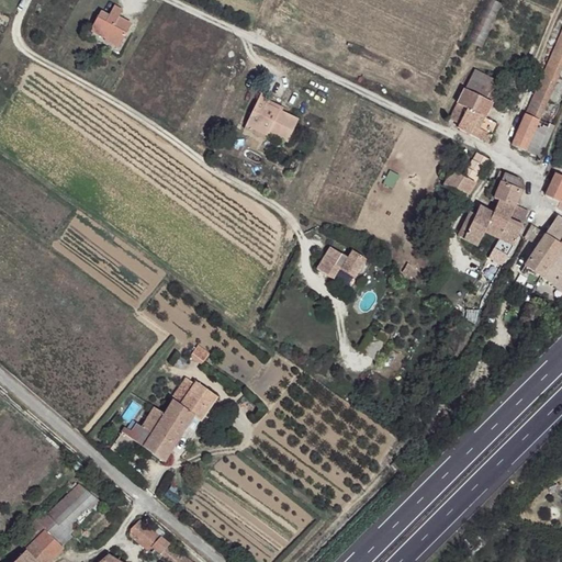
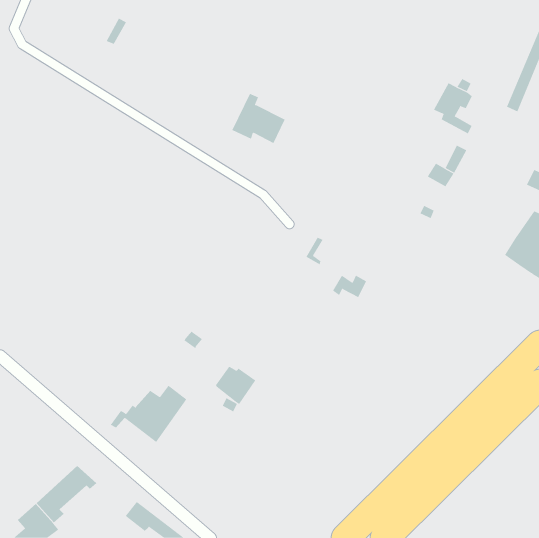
building: [92,4,124,43] -> none
building: [513,111,555,157] -> none
building: [459,179,527,276] -> none
building: [327,249,363,273] -> [332,275,367,298]
building: [175,378,217,418] -> [215,366,256,405]

